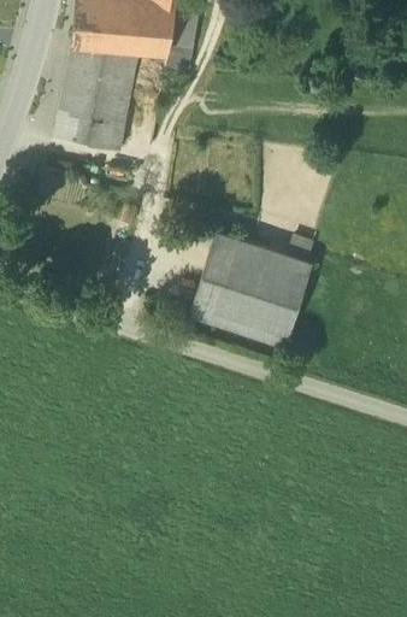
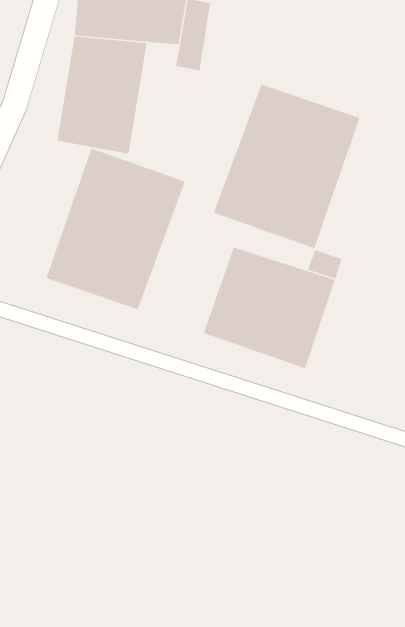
building: none -> [213,83,360,249]
building: none -> [46,147,186,310]

